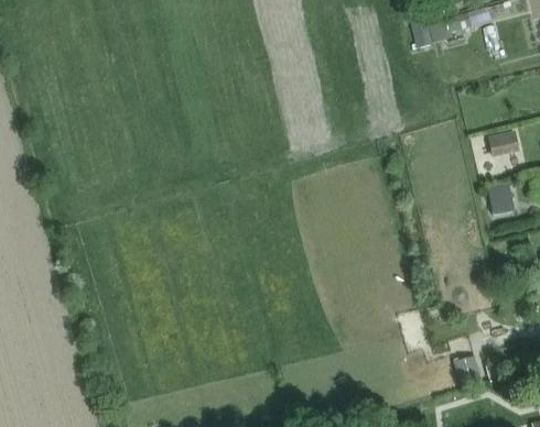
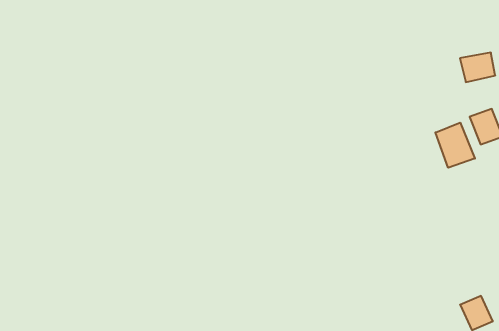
building: none -> [435,123,475,168]

